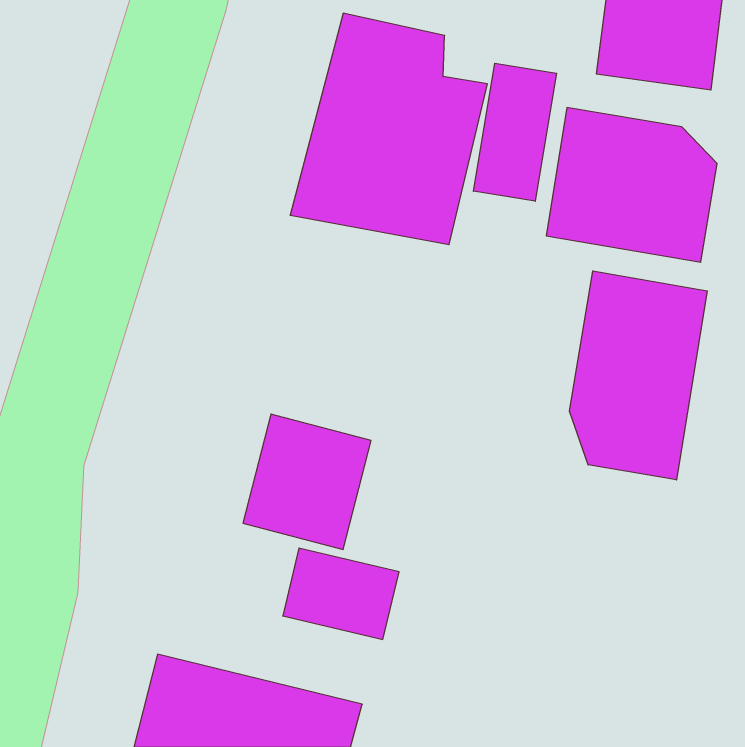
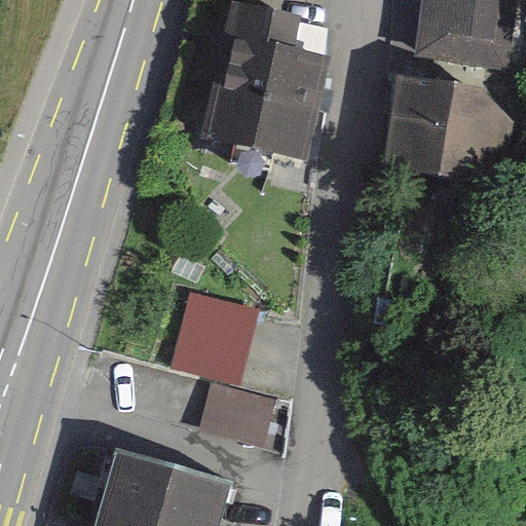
building: [473,63,557,201] -> none
building: [569,271,707,480] -> none

